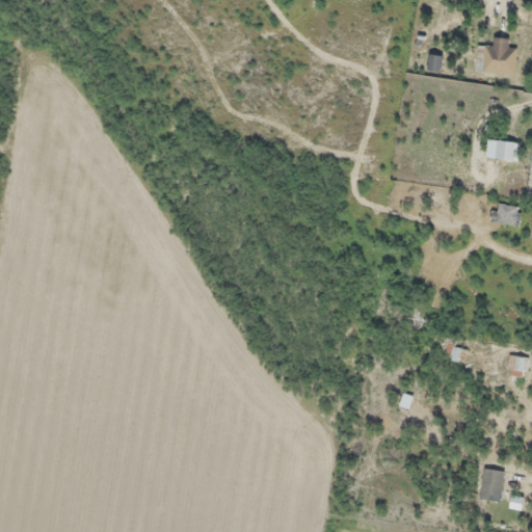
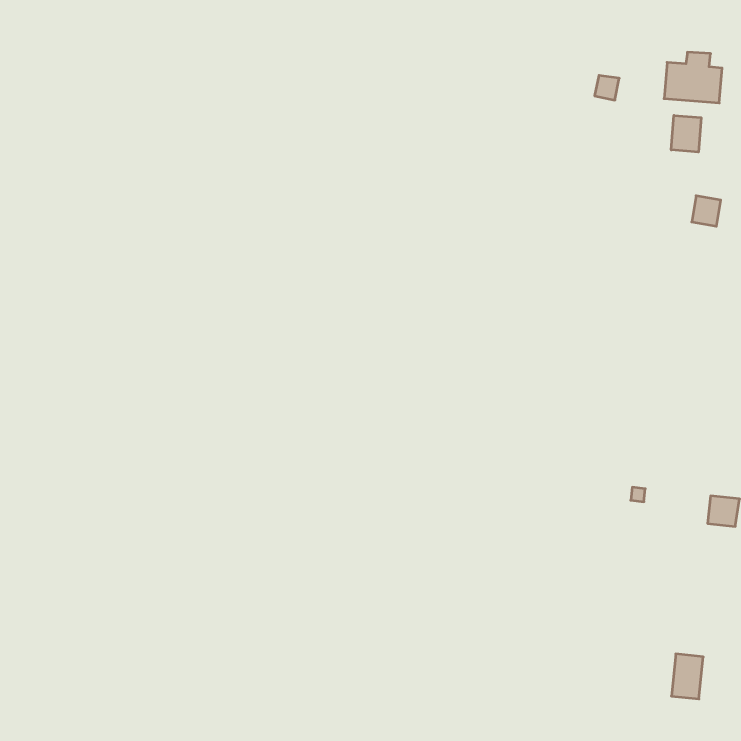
building: none -> [671,115,701,152]
building: [491,204,522,225] -> none

